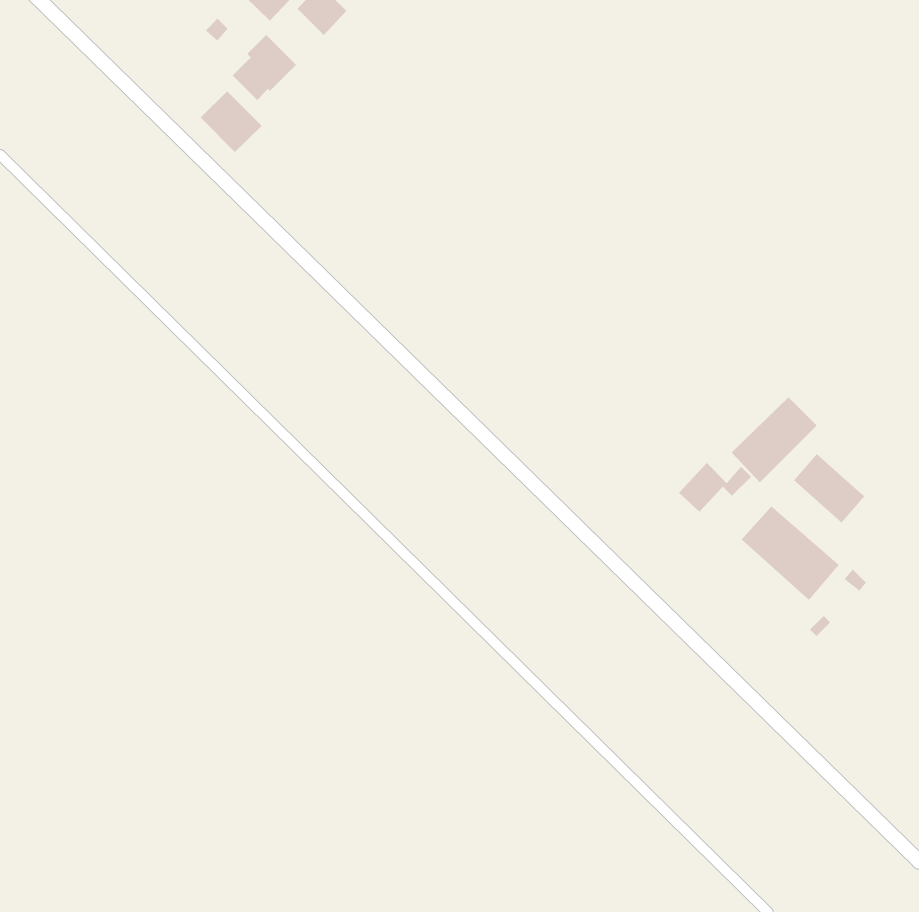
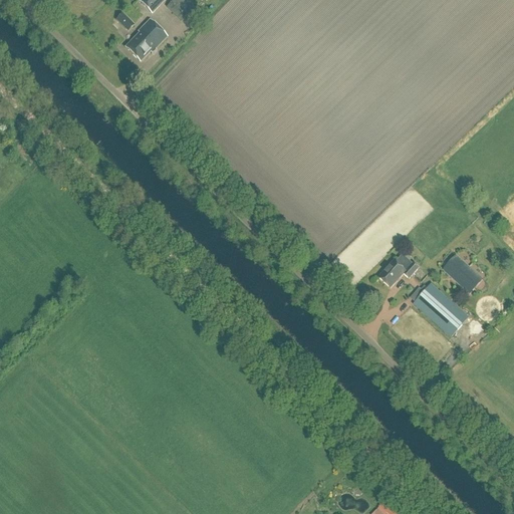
building: [200,91,262,153] -> none
building: [731,396,818,483] -> none

